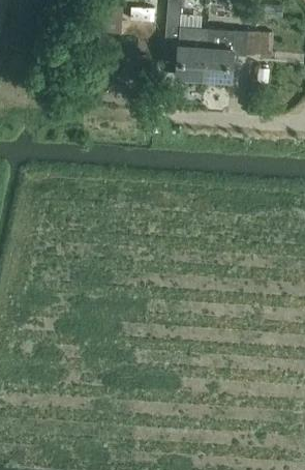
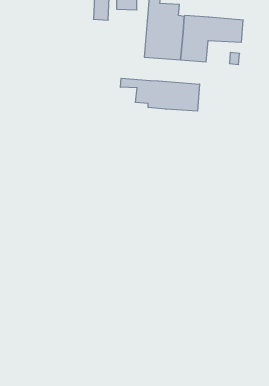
building: none -> [120,78,200,111]

